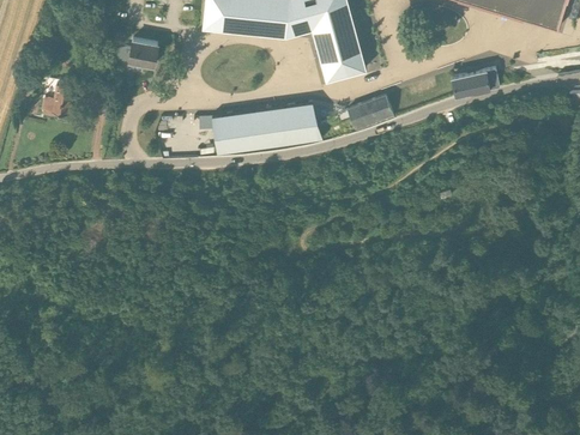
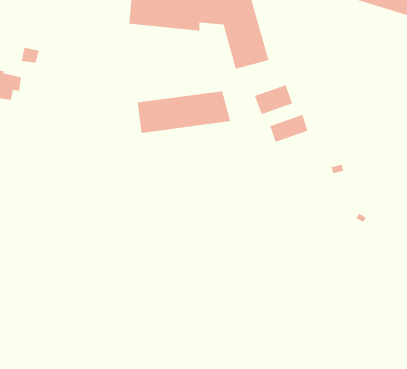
building: [116,41,157,68] -> none
building: [451,71,499,99] -> none
building: none -> [269,114,309,143]

